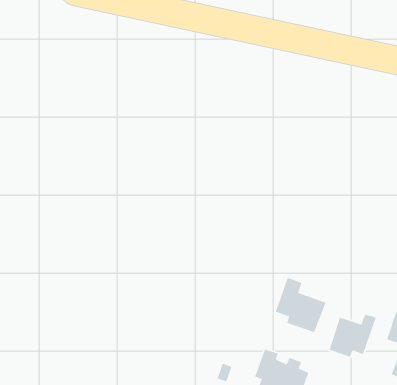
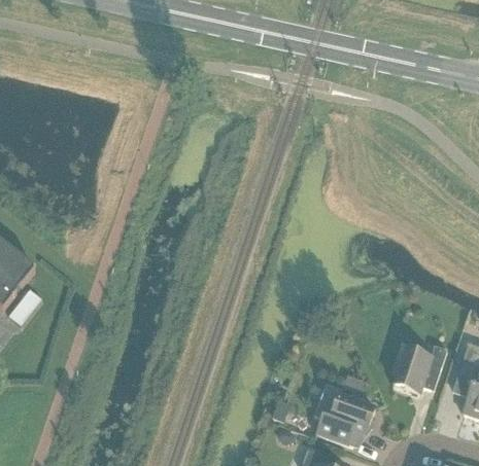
building: [275,277,328,334] -> none

